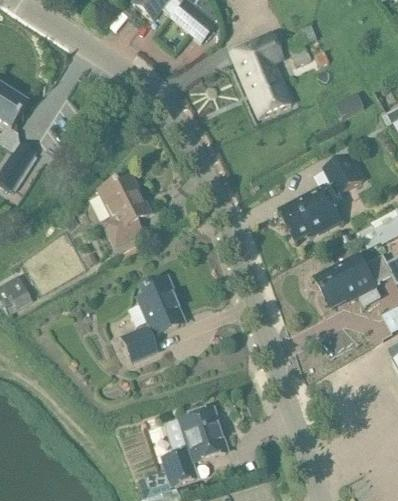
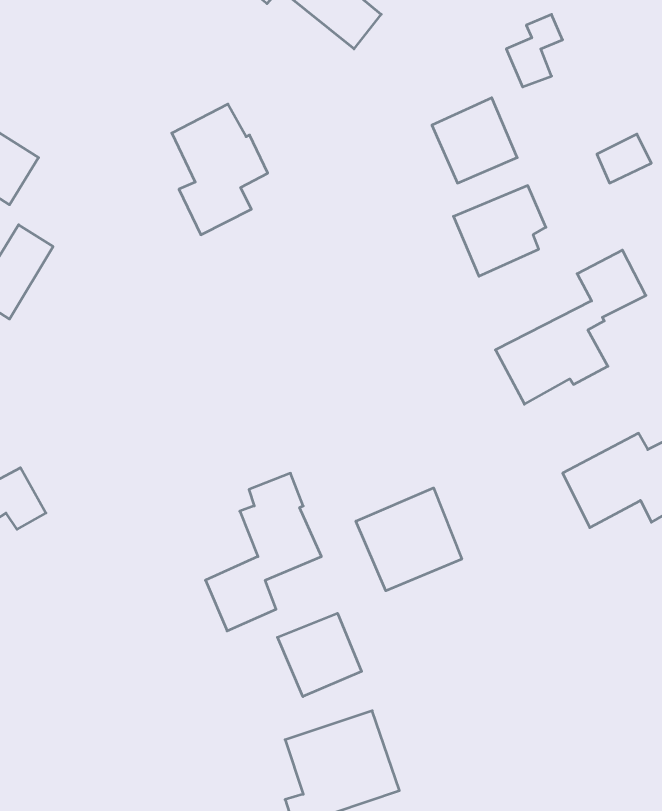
building: [230,34,281,84] -> [453,186,546,276]
building: [98,173,151,245] -> [172,104,268,235]
building: none -> [356,488,462,591]
building: none -> [277,613,362,697]

